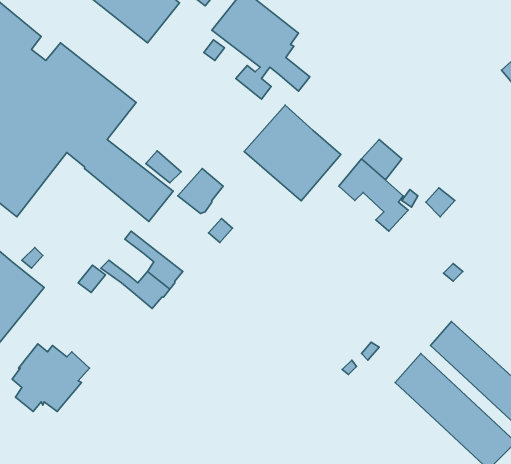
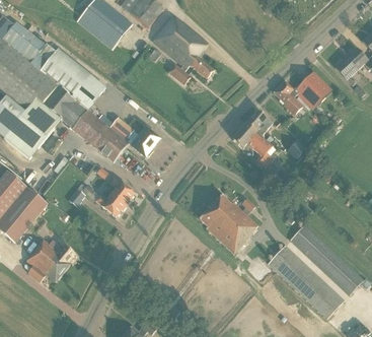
building: none -> [273,72,330,115]
building: [244,105,341,201] -> none
building: none -> [199,194,257,253]

